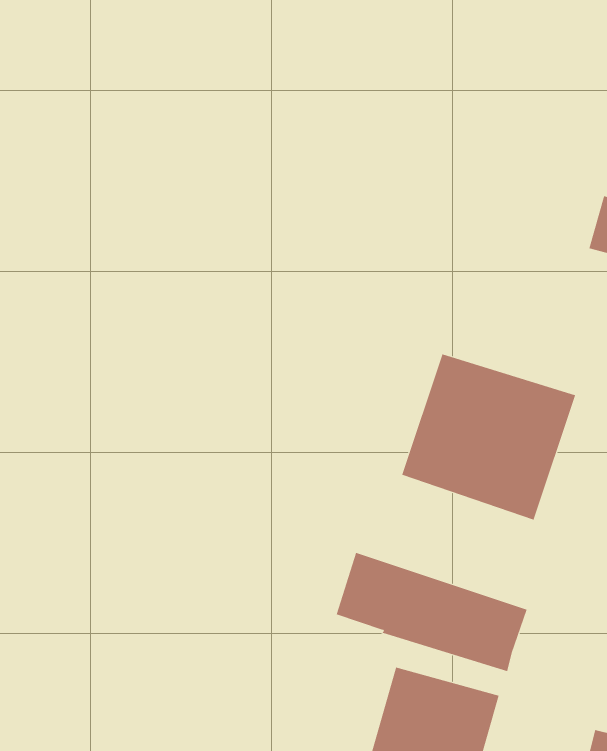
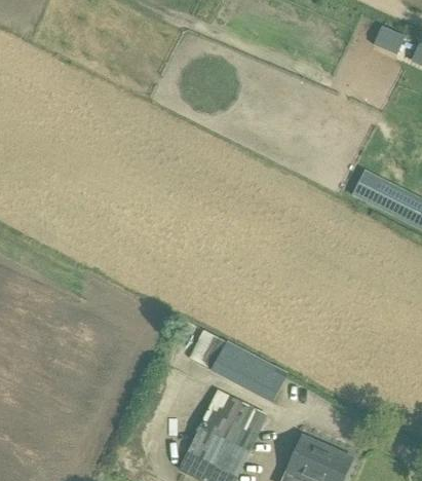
building: [401,354,576,521] -> none

